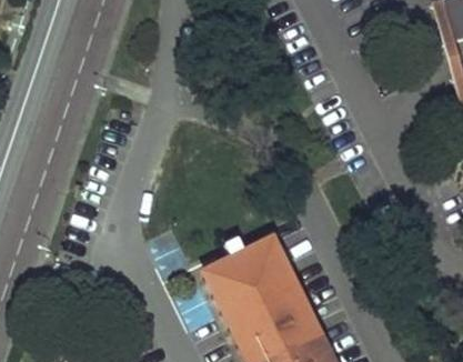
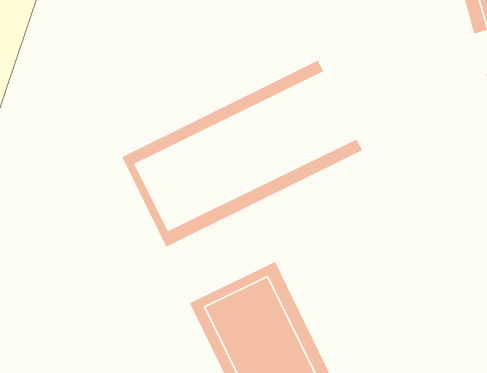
building: none -> [121,60,363,248]

